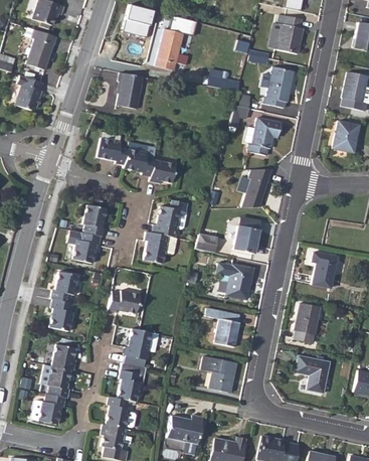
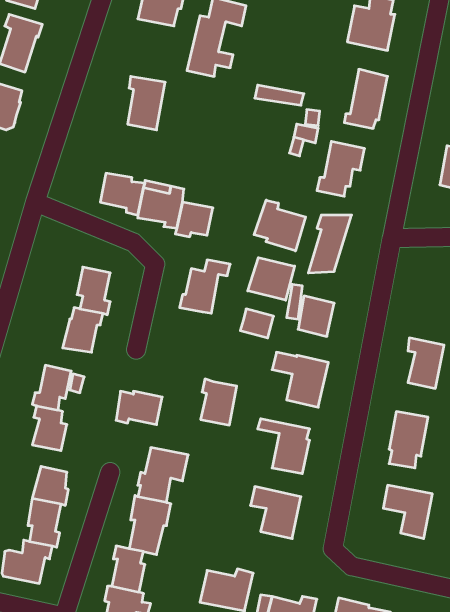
building: none -> [254,200,306,251]
building: none -> [248,258,295,300]
building: [144,231,169,263] -> [201,379,237,425]

